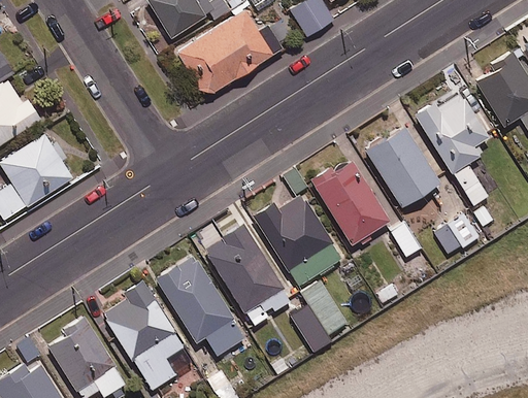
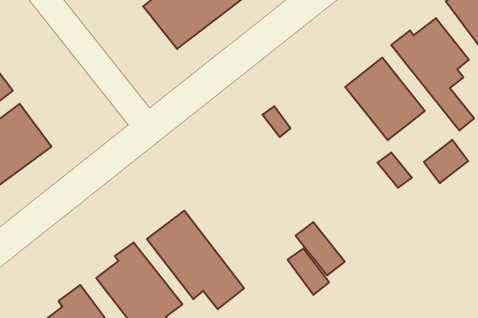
building: [311,157,390,244] -> none
building: [254,195,342,287] -> none
building: [204,224,291,326] -> none

